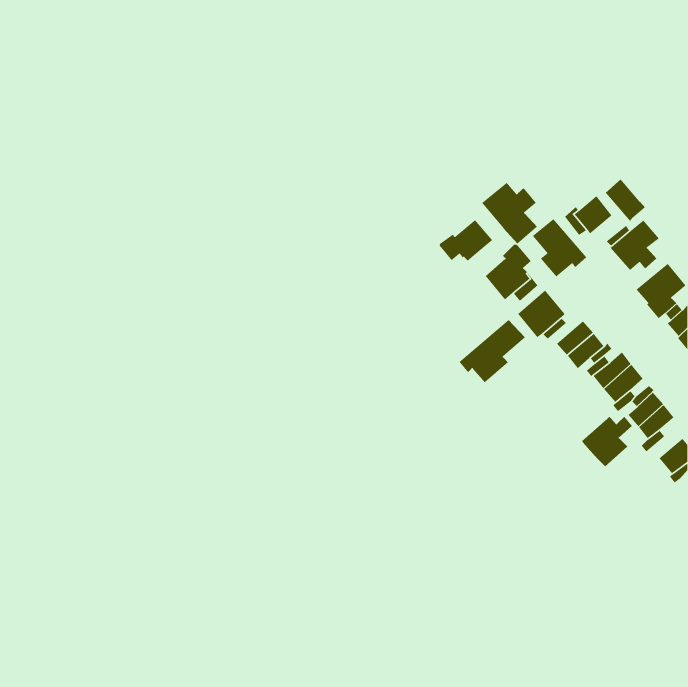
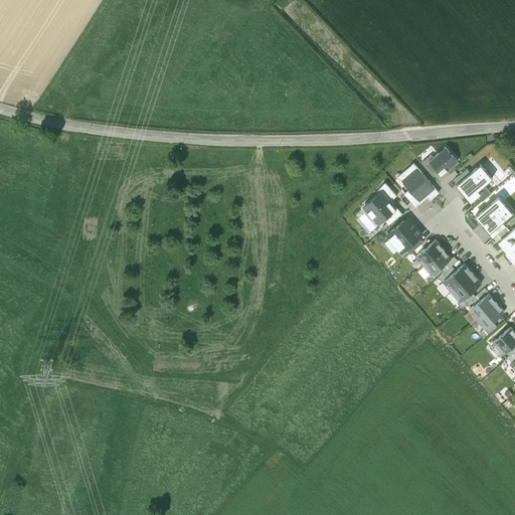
building: [605,178,646,222] -> none
building: [481,182,538,244] -> none
building: [439,219,493,262] -> none
building: [459,319,526,383] -> none
building: [581,416,633,467] -> none

